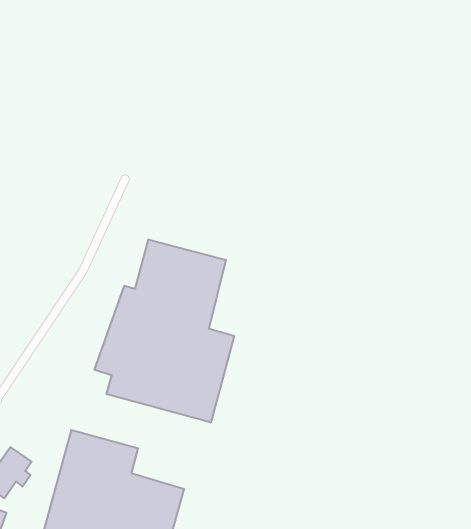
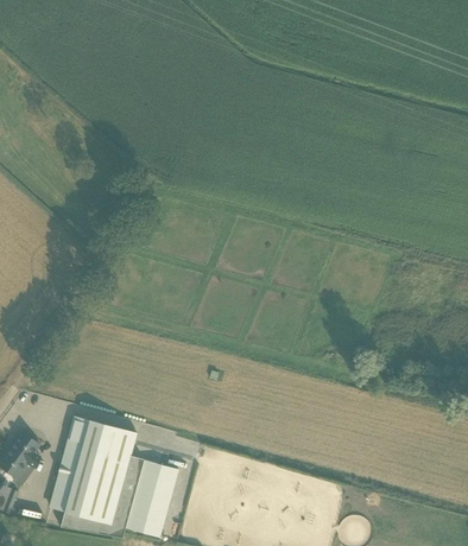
building: [95,239,234,423] -> none

